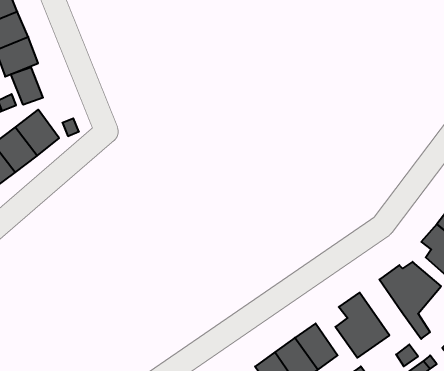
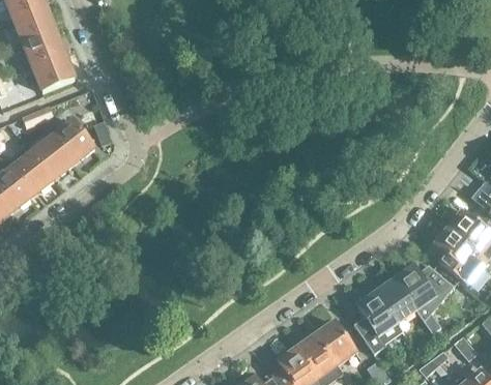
building: [11,67,43,105] -> none
building: none -> [376,279,415,322]

